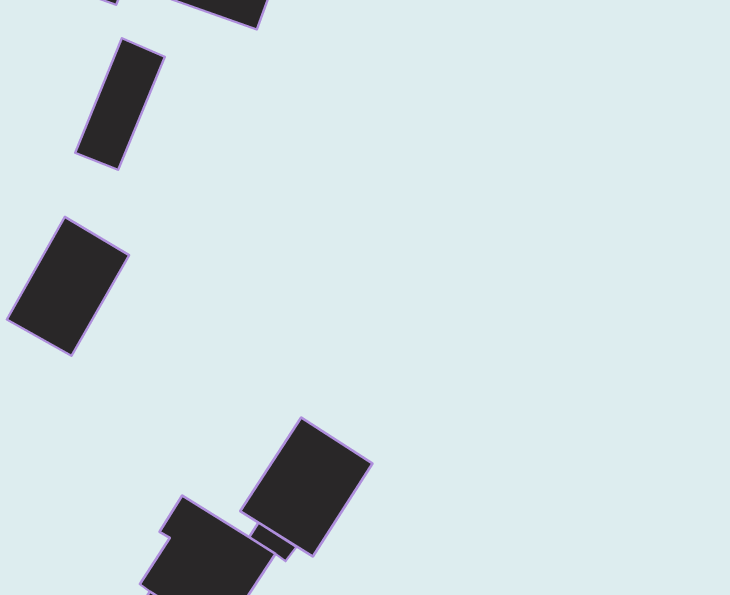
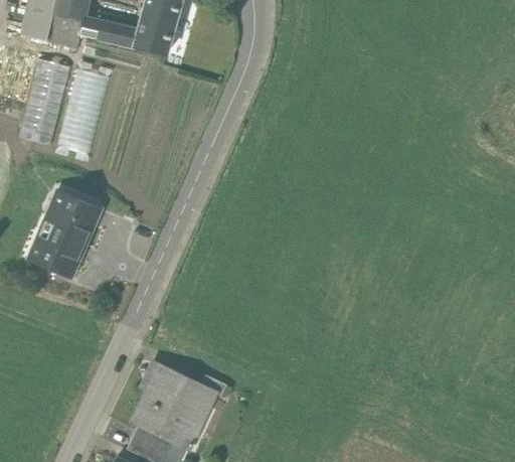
building: none -> [19,59,68,143]
building: [240,417,373,556] -> none

